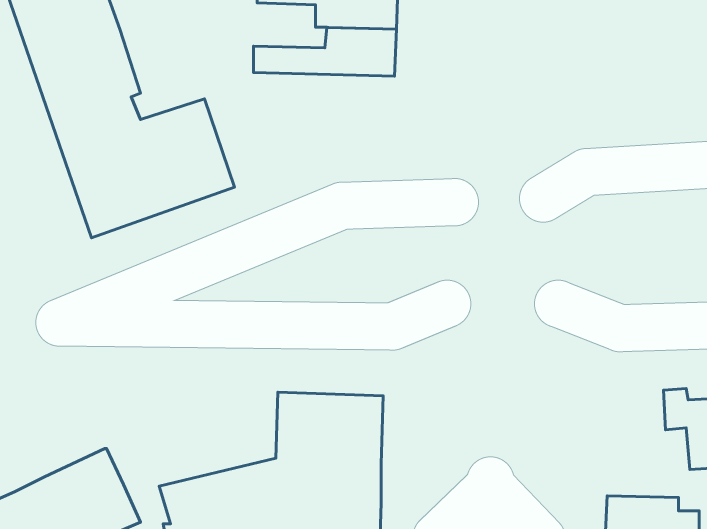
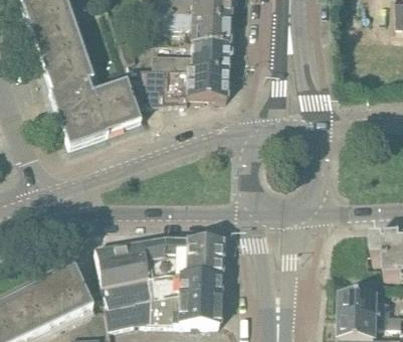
building: none -> [133,66,230,105]
building: none -> [95,237,166,288]

